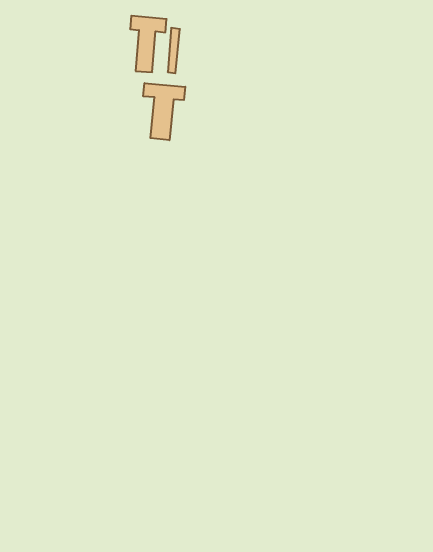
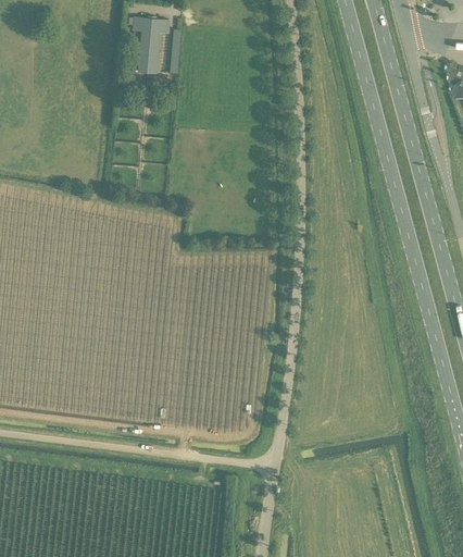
building: [143,83,185,140] -> none

